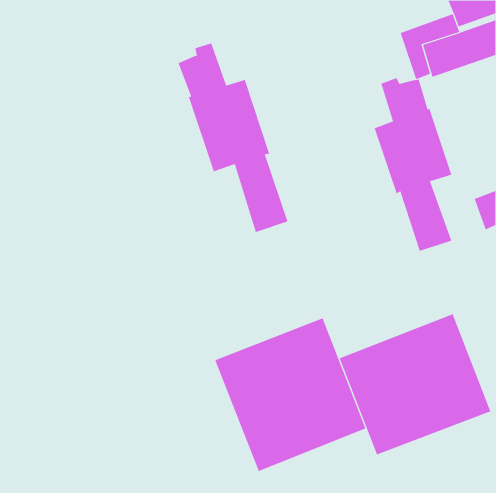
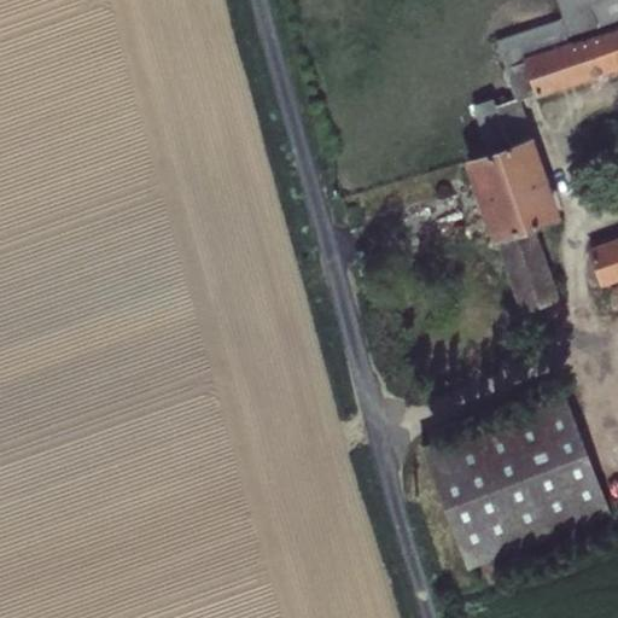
building: [178,43,288,233] -> none
building: [215,317,366,472] -> none

